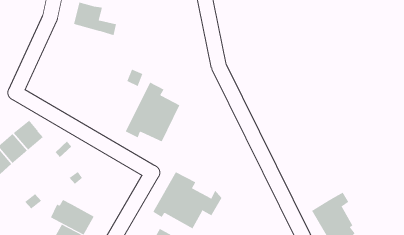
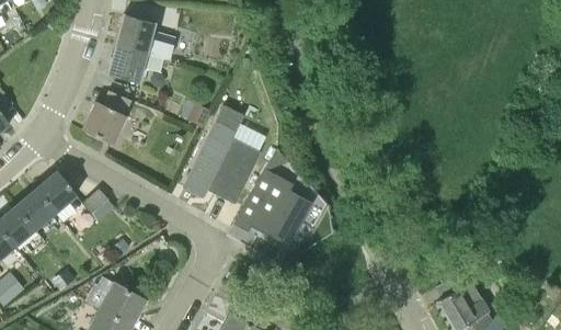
building: none -> [107,44,152,83]
building: none -> [83,101,125,143]
building: [152,171,222,229] -> [234,169,328,246]

